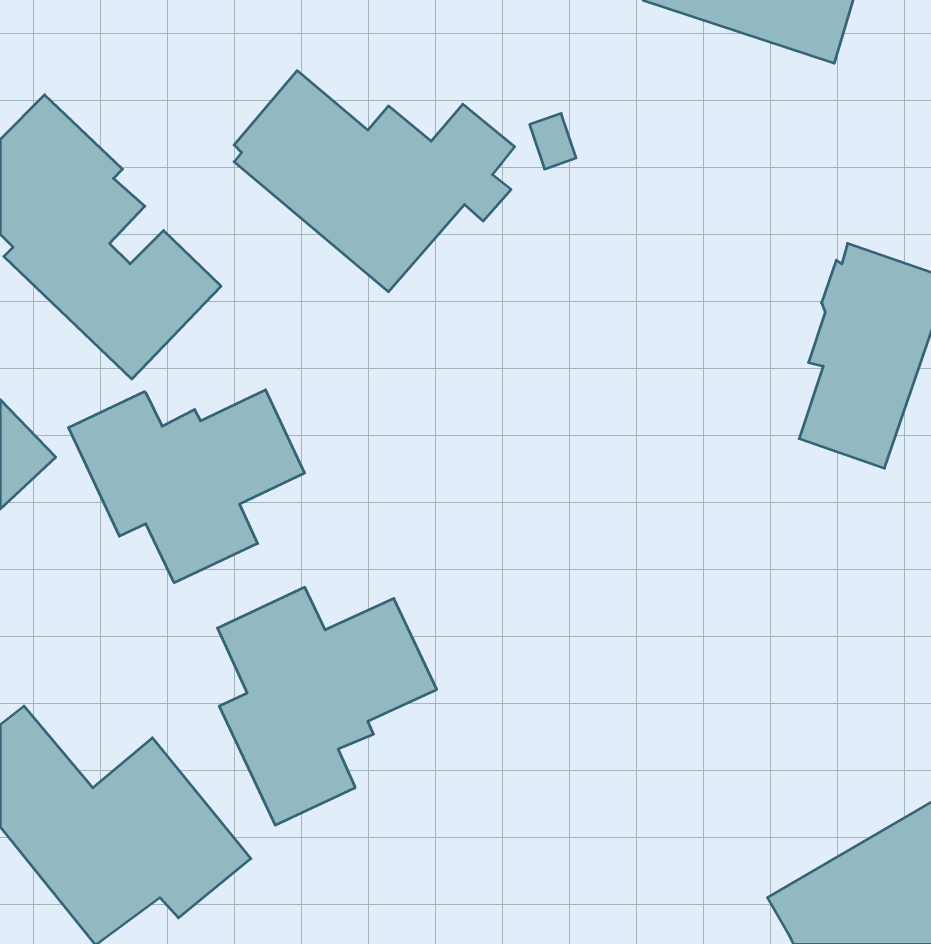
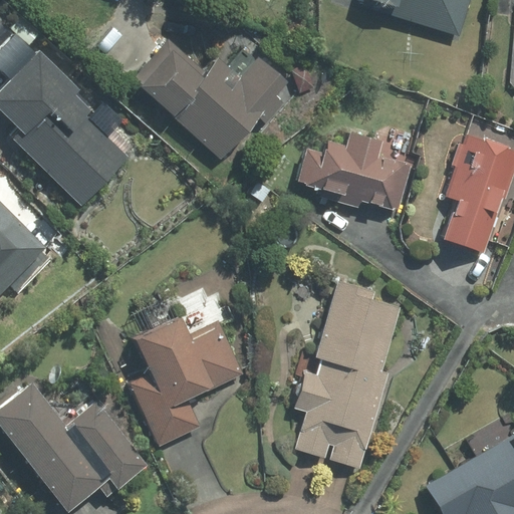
building: none -> [295,132,411,209]
building: [68,390,305,583] -> none
building: none -> [293,278,402,468]

